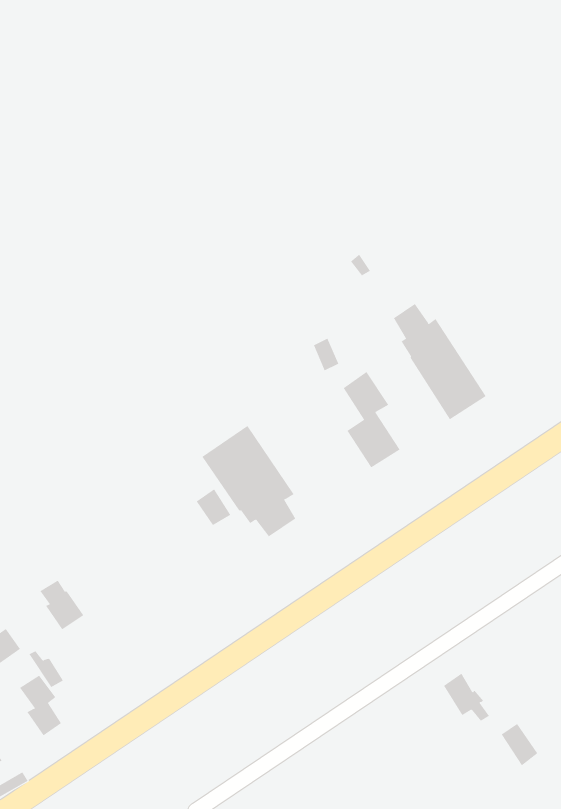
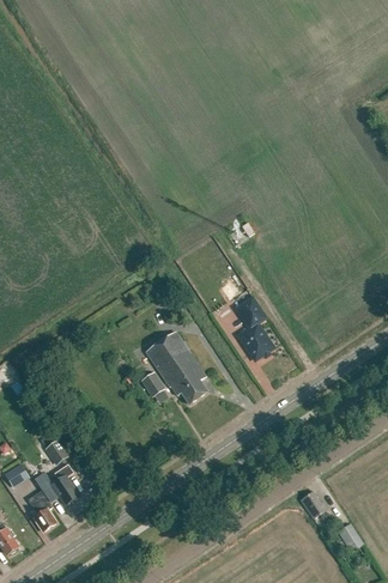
building: [393,303,487,420] -> none
building: none -> [53,463,80,505]

